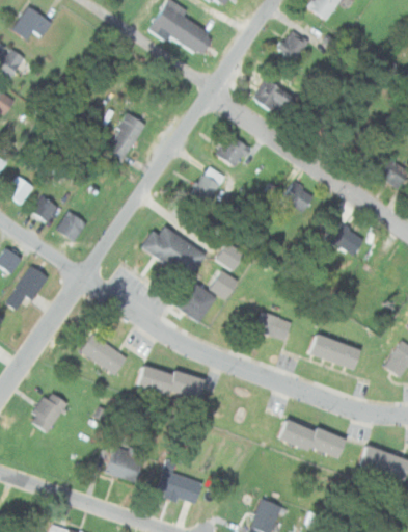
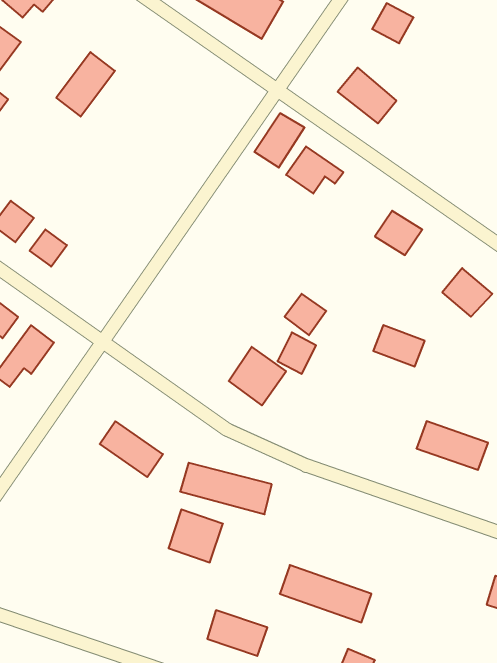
building: [104,111,146,158] -> [56,52,115,117]
building: [189,165,225,205] -> [254,113,305,168]
building: [55,210,86,240] -> none
building: [141,225,206,278] -> none
building: [254,311,292,341] -> [373,325,425,367]
building: [29,390,66,432] -> none
building: [280,418,347,459] -> [280,565,371,622]
building: [105,444,144,482] -> [168,509,223,562]

